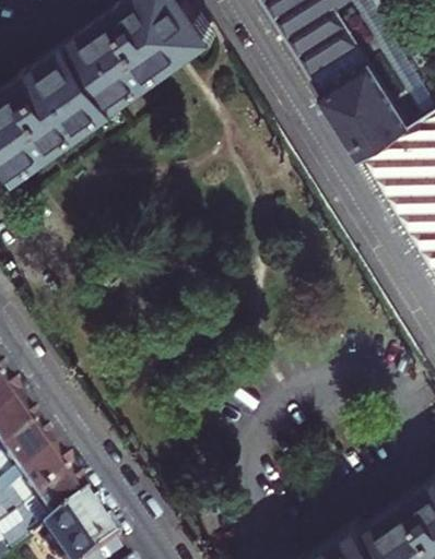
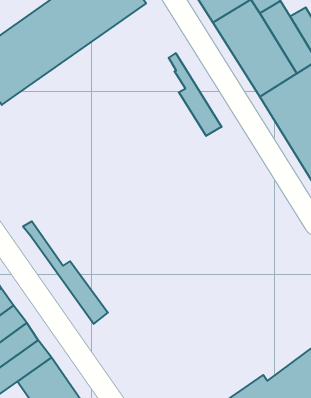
building: none -> [169,53,222,136]
building: none -> [23,221,108,324]

